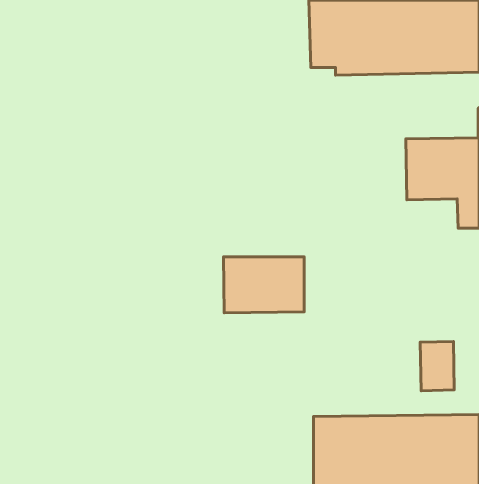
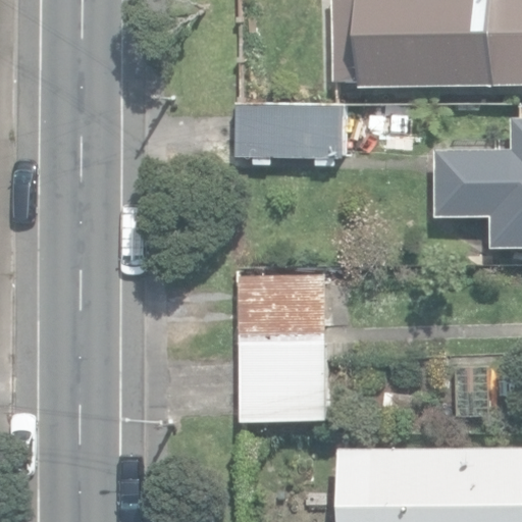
building: none -> [233,102,344,159]
building: none -> [241,343,326,423]

